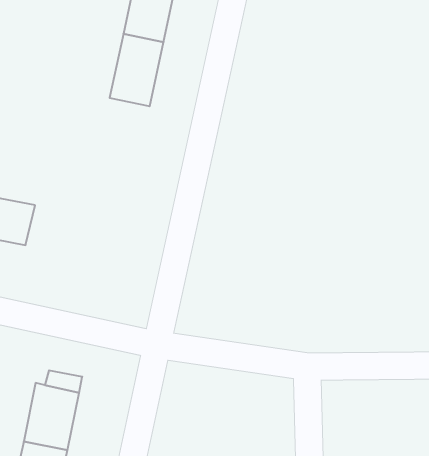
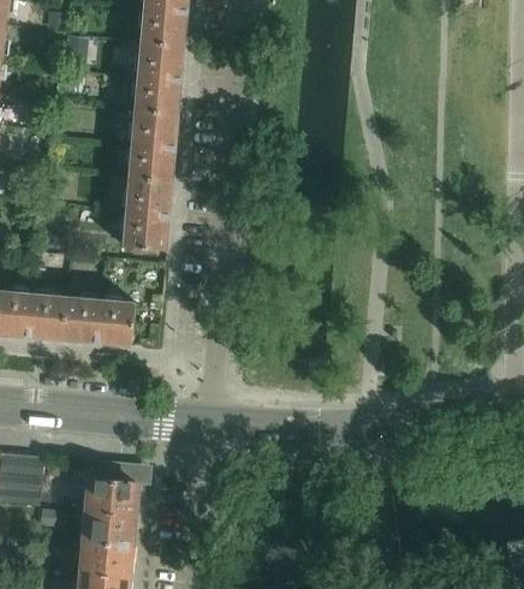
building: none -> [113,178,171,268]
building: none -> [61,297,135,345]

